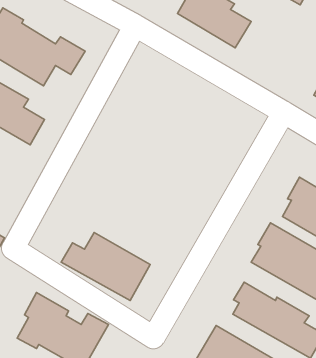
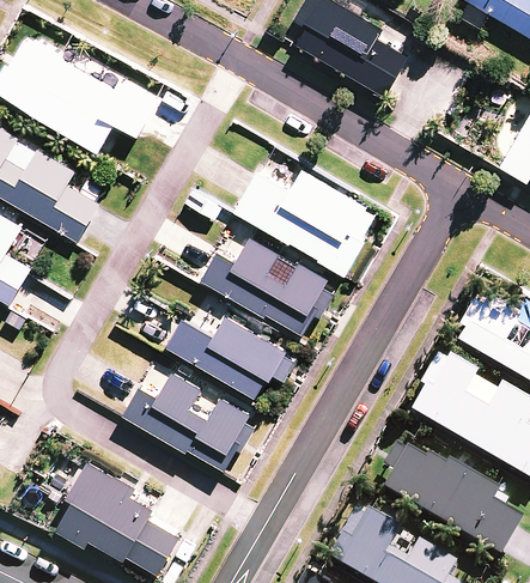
building: none -> [232,156,378,277]
building: none -> [200,226,335,339]
building: none -> [165,310,296,397]

